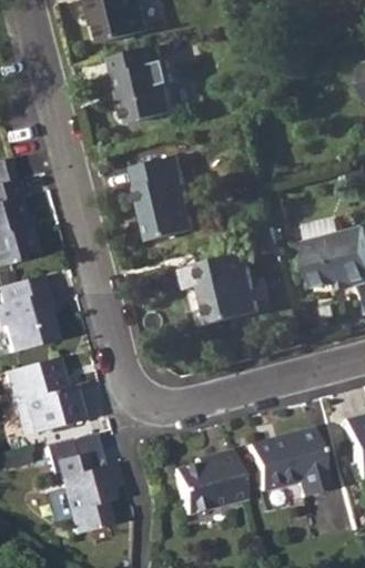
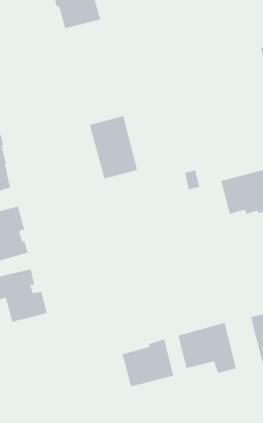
building: [109,45,175,122] -> none
building: [200,252,261,325] -> none
building: [47,437,108,535] -> none

